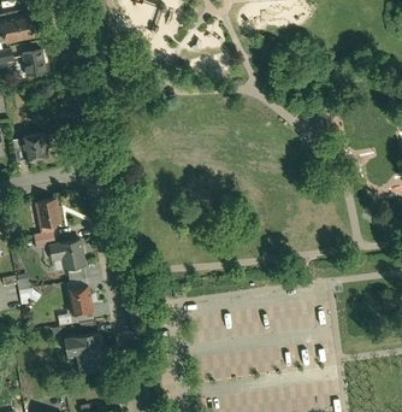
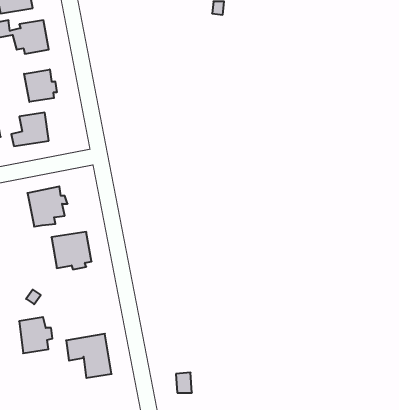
building: none -> [24,69,57,102]
building: [66,284,96,317] -> [19,317,52,353]

